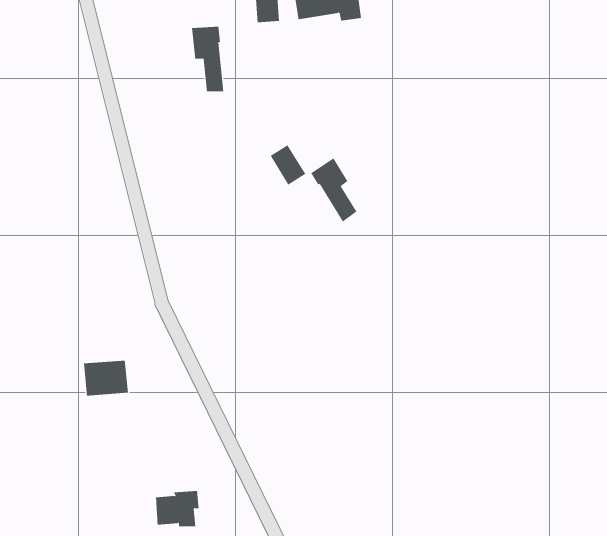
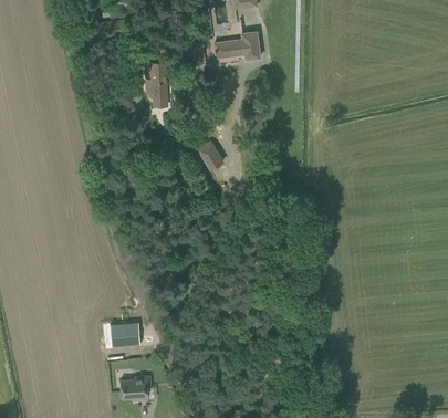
building: [310,157,357,223] -> none
building: [83,360,129,396] -> [110,322,140,346]

